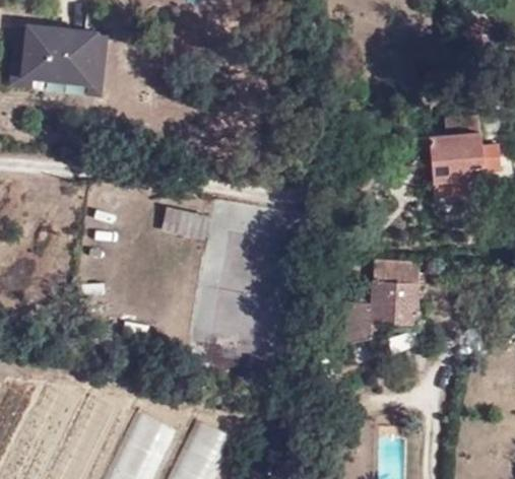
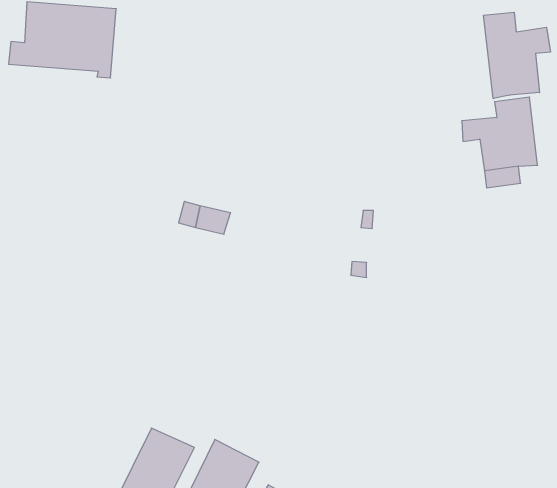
building: none -> [483,12,550,99]
building: [343,259,422,346] -> none

